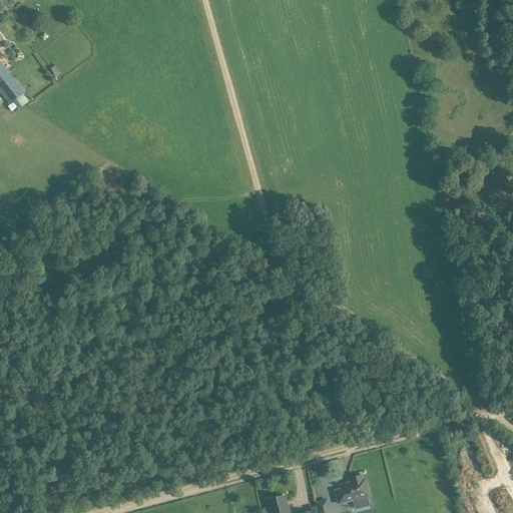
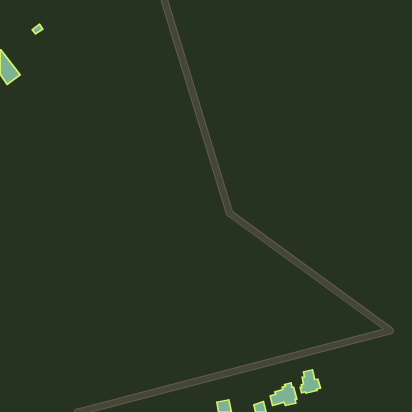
building: none -> [300,370,320,393]

